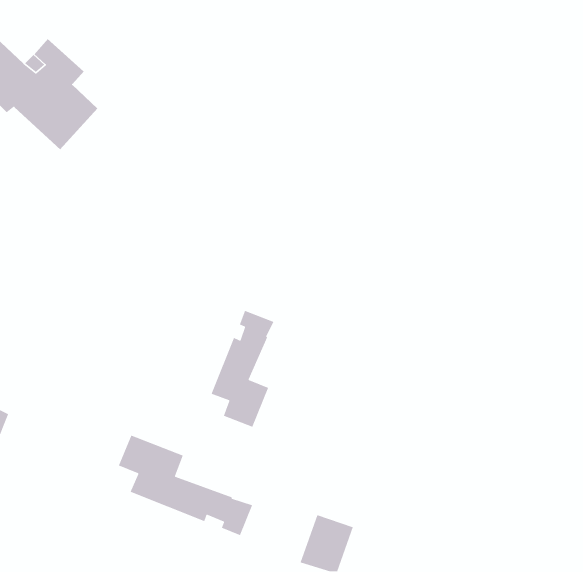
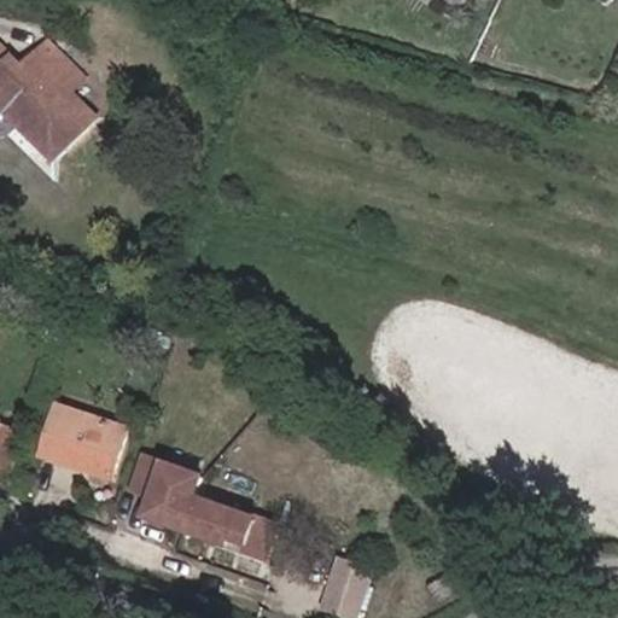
building: [210,310,275,428] -> none
building: none -> [35,403,123,480]

